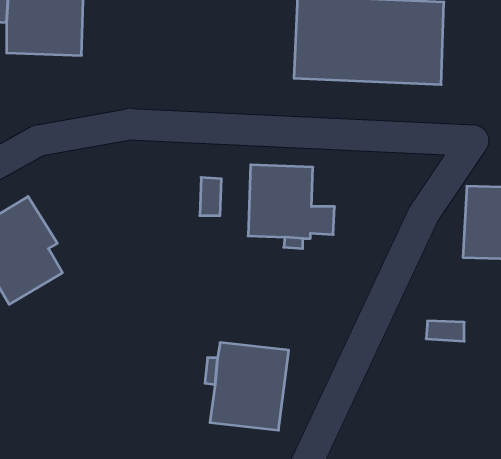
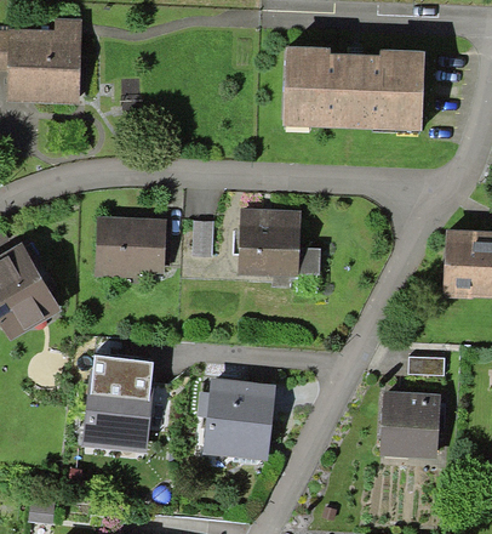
building: none -> [95,216,165,278]
building: none -> [81,354,154,453]
building: none -> [379,391,439,459]

